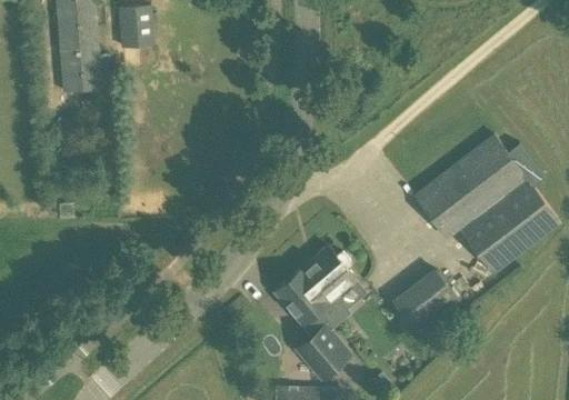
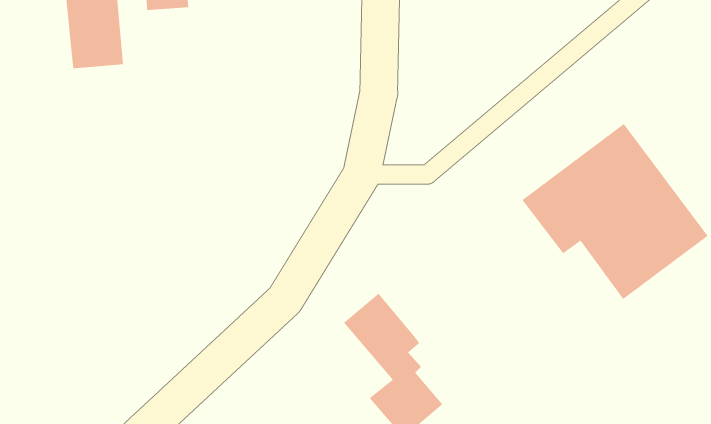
building: [302,247,356,301] -> none
building: [392,269,459,332] -> none

